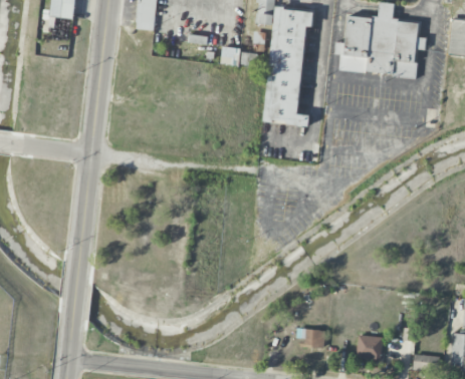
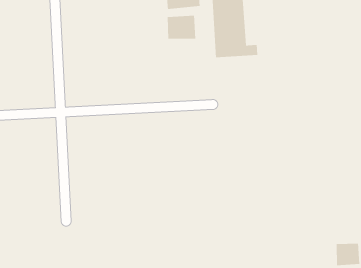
building: none -> [167,15,196,40]
building: [299,329,324,347] -> none

